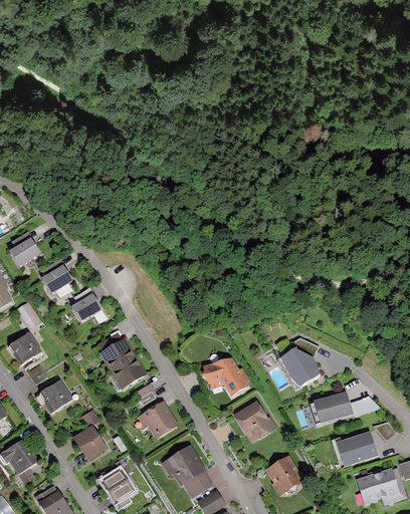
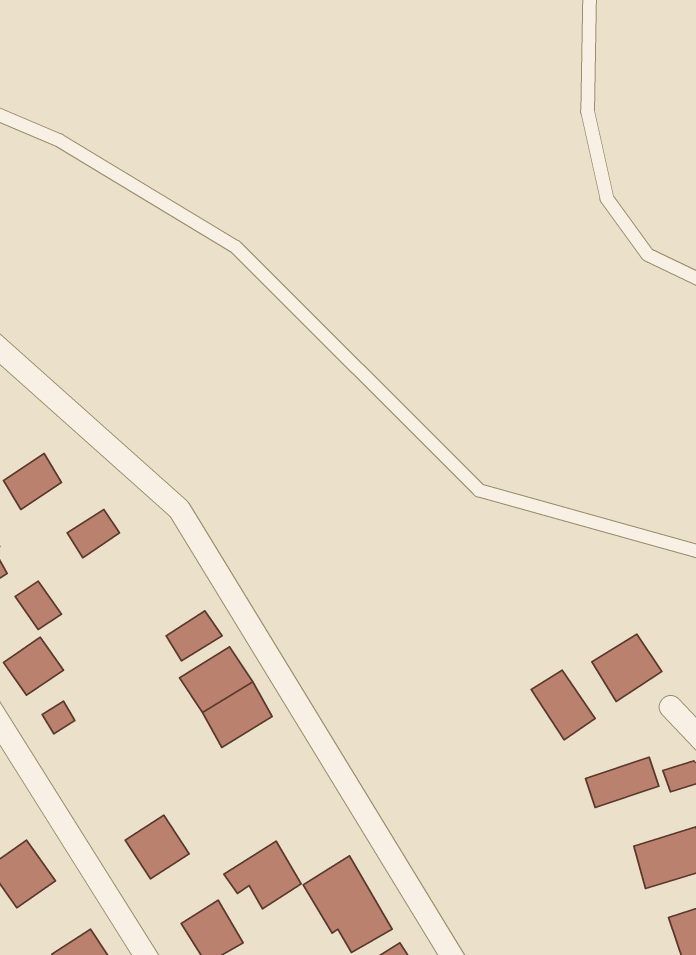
building: [71,295,100,321] -> [166,611,222,661]
building: none -> [592,634,662,701]
building: [203,353,250,398] -> none
building: [40,380,72,412] -> none
building: [137,401,177,436] -> [224,841,301,909]
building: [233,401,273,441] -> none
building: [264,454,303,493] -> none

